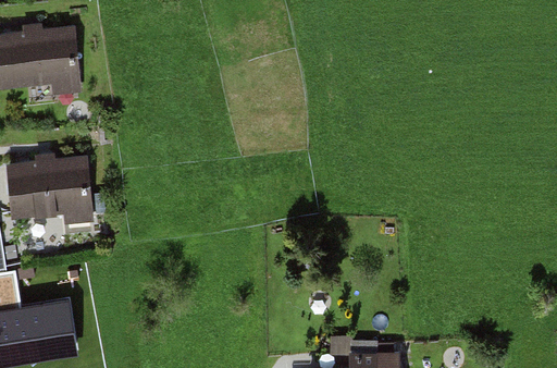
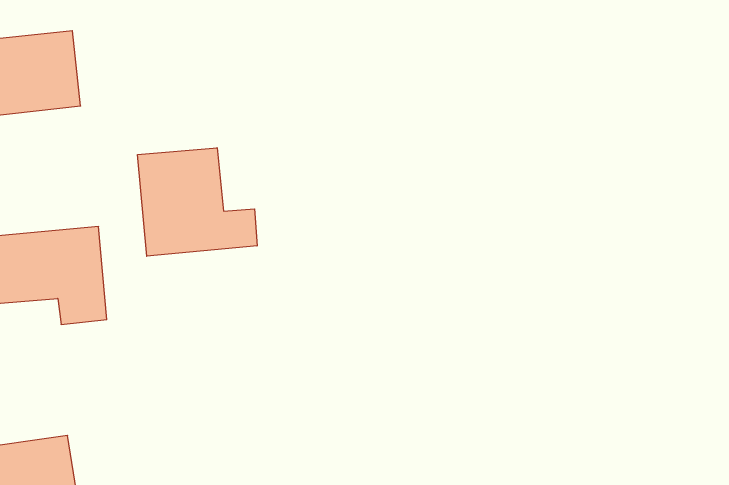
building: none -> [138,148,257,256]

